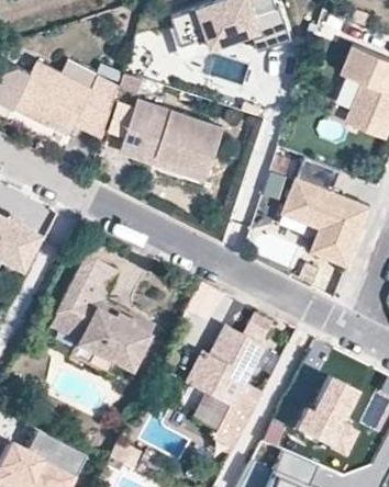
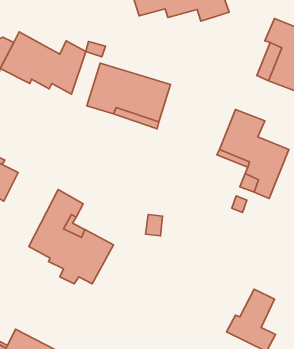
building: [185,326,262,448] -> none

